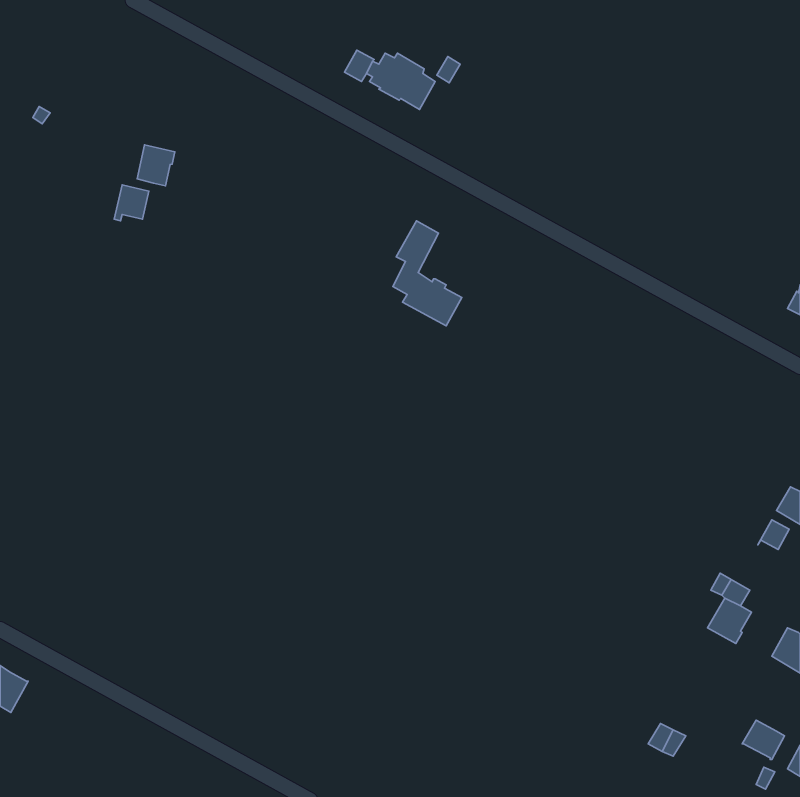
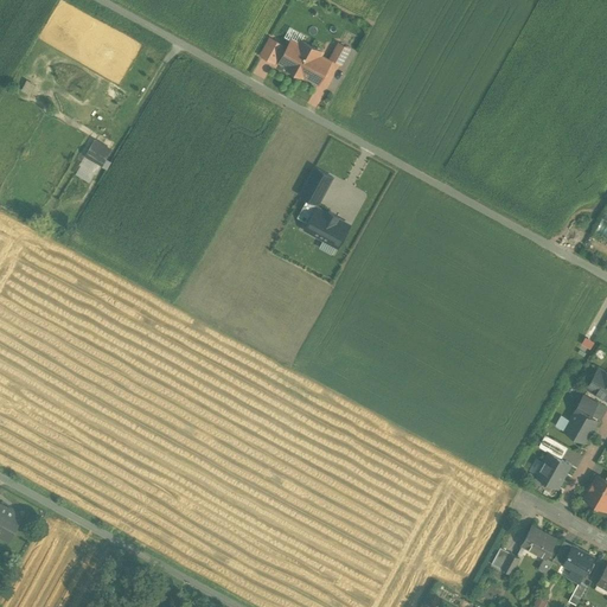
building: [137,145,175,186] -> none
building: none -> [564,411,595,443]
building: none -> [522,528,556,560]

